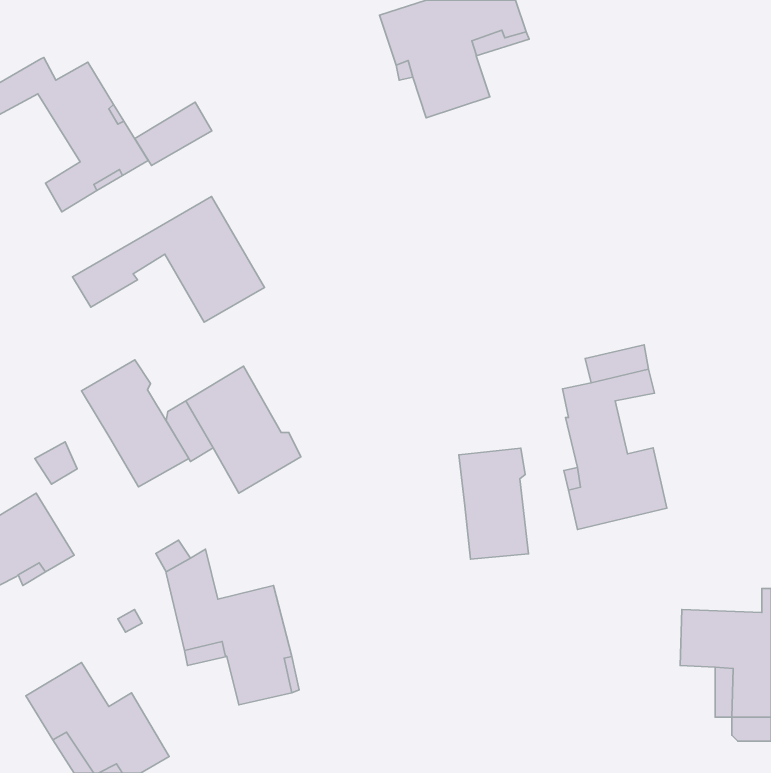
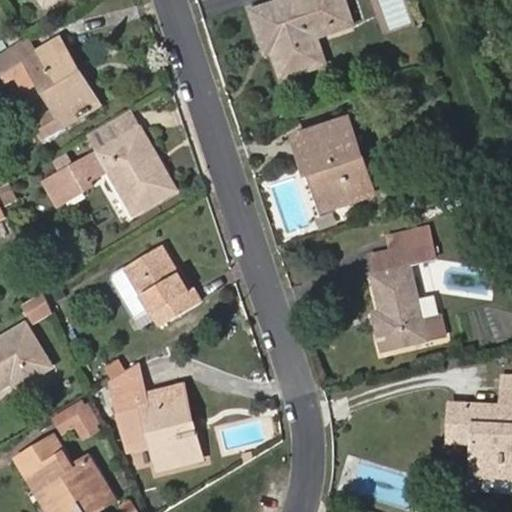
building: [135,102,212,166] -> [89,111,140,153]
building: none -> [295,119,372,210]
building: [82,360,189,487] -> none
building: [459,448,529,559] -> none

